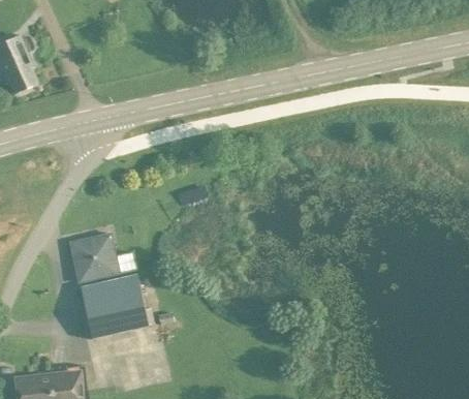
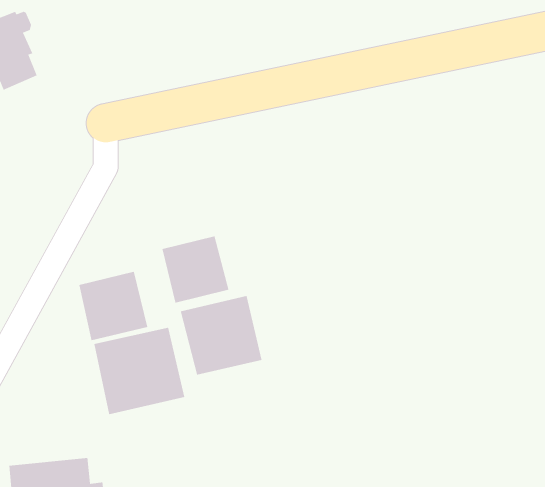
building: none -> [162,236,229,304]
building: none -> [180,295,262,376]

